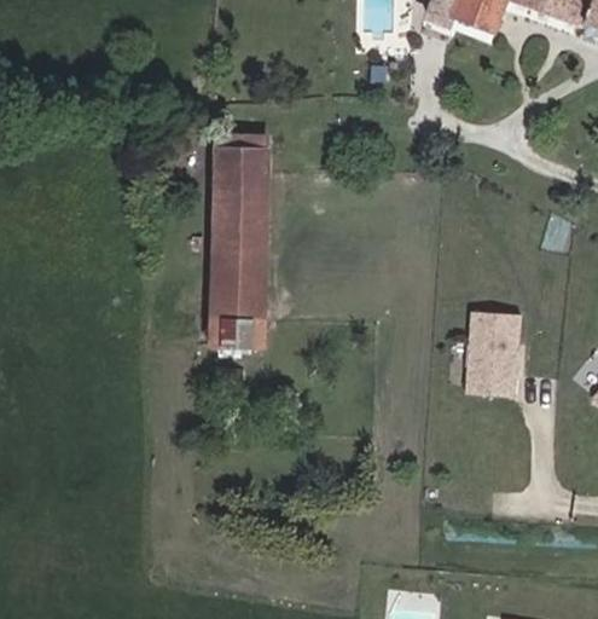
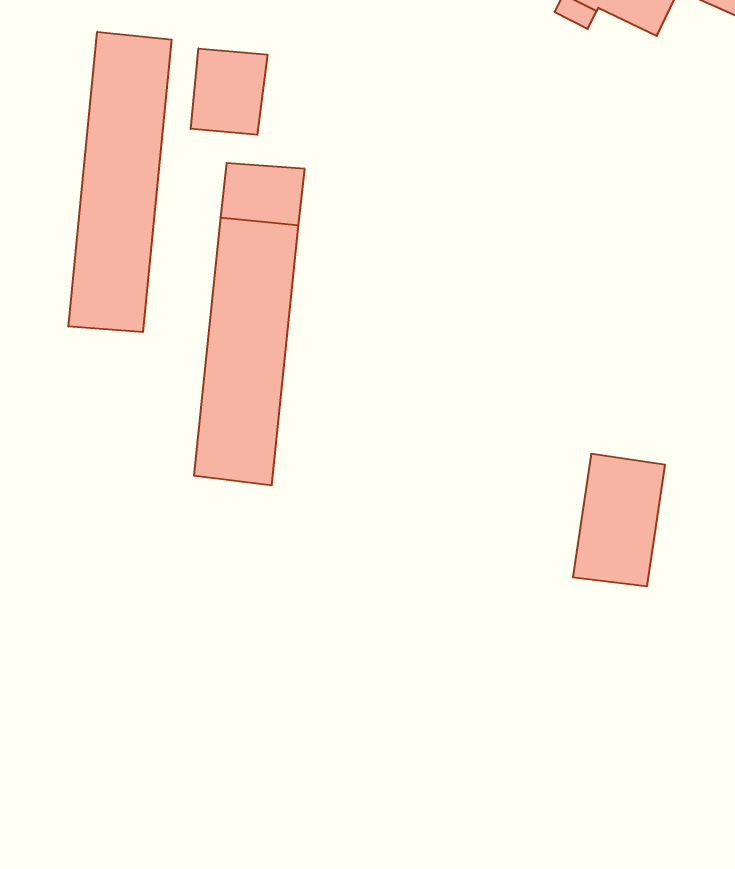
building: none -> [68,32,172,332]
building: none -> [191,48,267,135]

